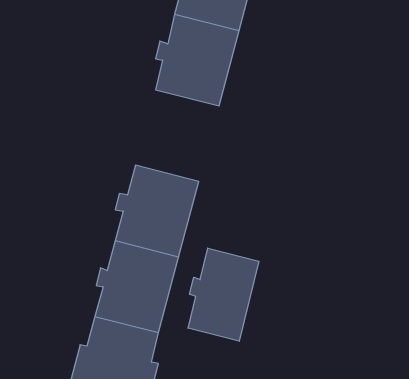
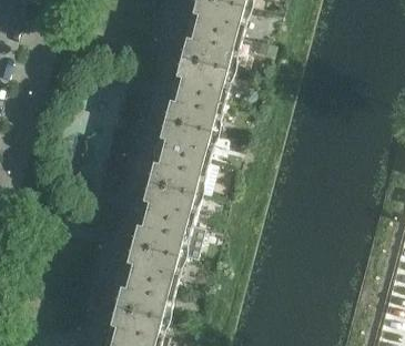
building: none -> [150,106,219,182]
building: [188,248,259,341] -> none

